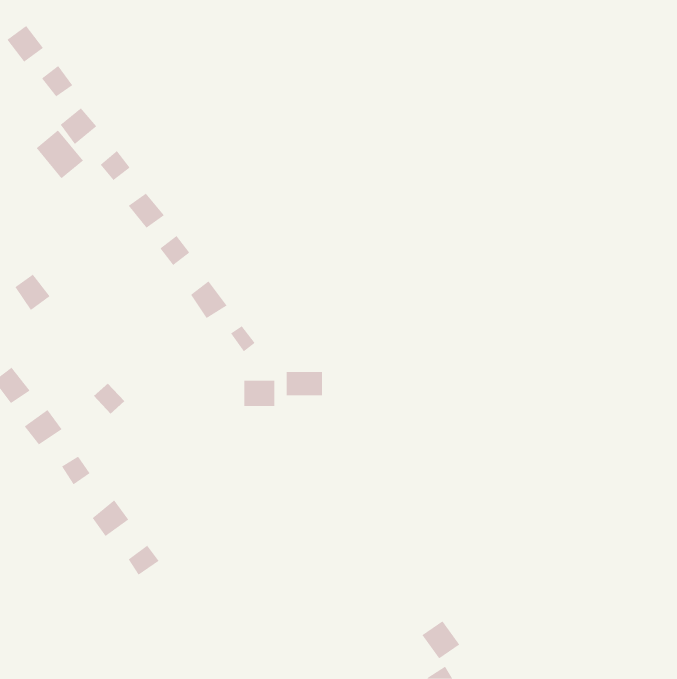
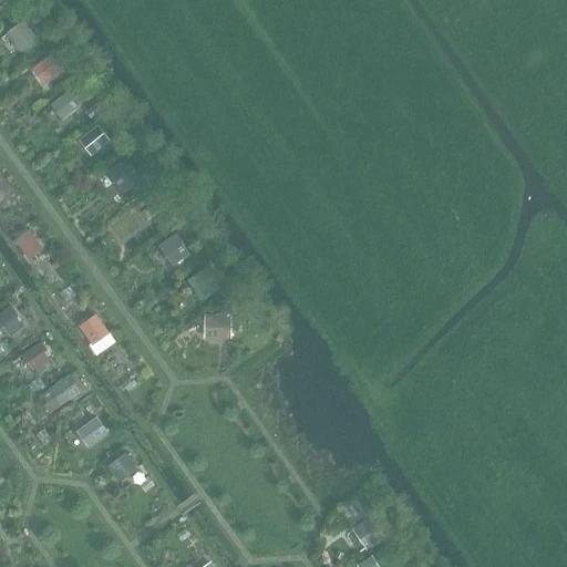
building: [36,130,84,179] -> none
building: [286,371,322,396] -> none

